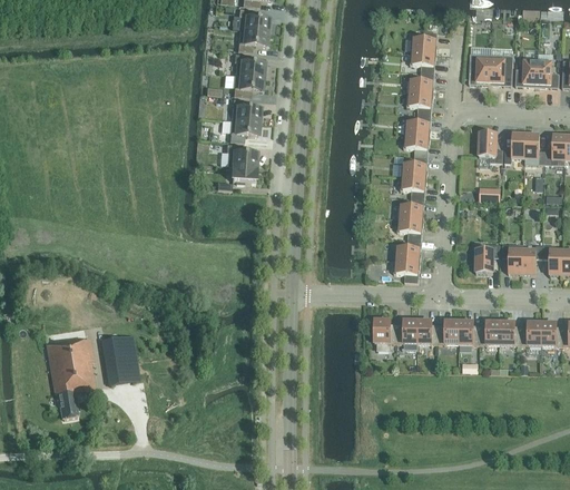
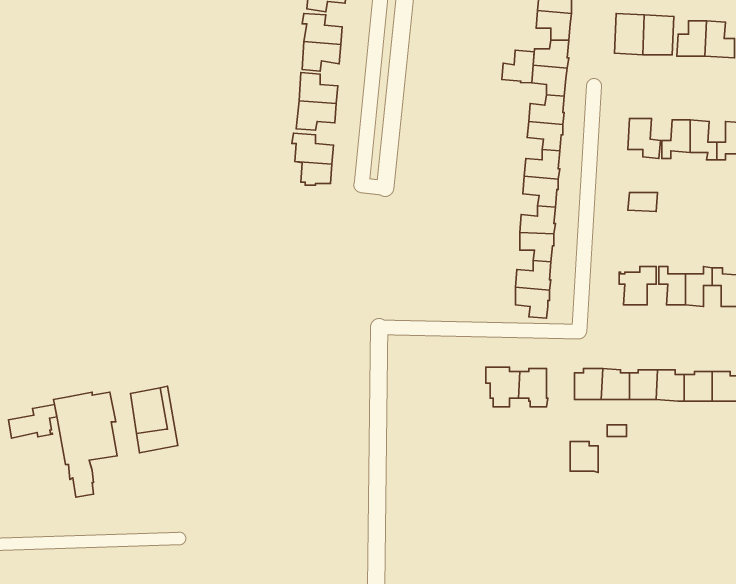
building: none -> [502,50,534,83]
building: [417,320,439,343] -> [570,441,598,473]
building: none -> [8,404,57,438]

